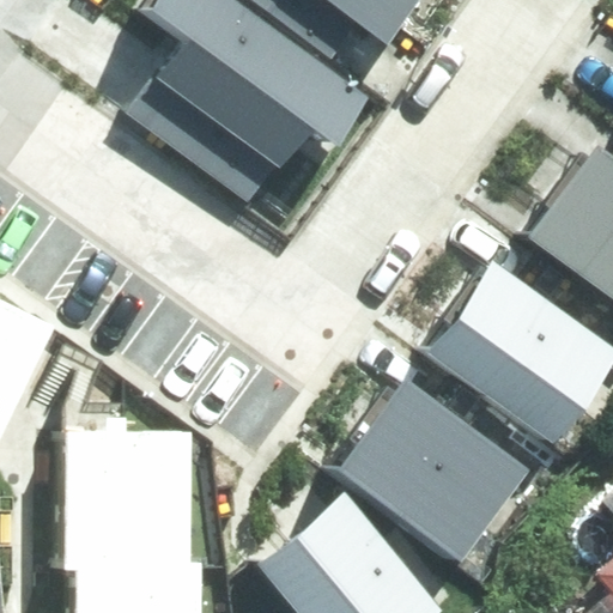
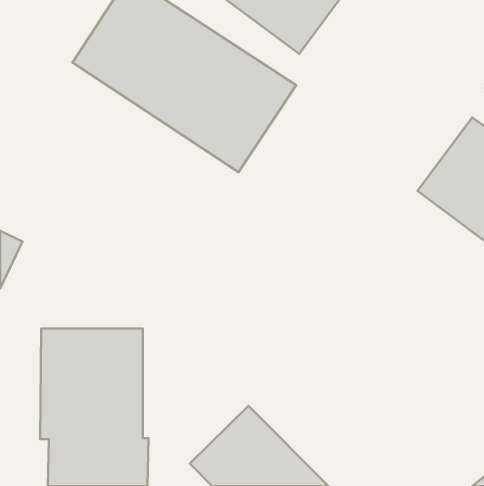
building: [420,273,600,441] -> none
building: [340,389,524,560] -> none

